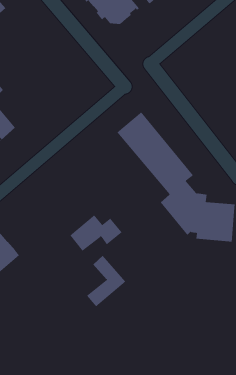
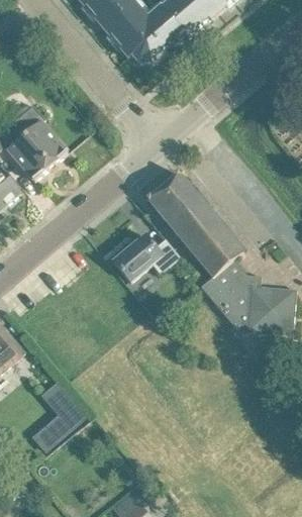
building: none -> [6,105,68,181]
building: [69,215,123,252] -> [113,234,180,281]
building: [86,255,126,307] -> [34,384,85,449]

